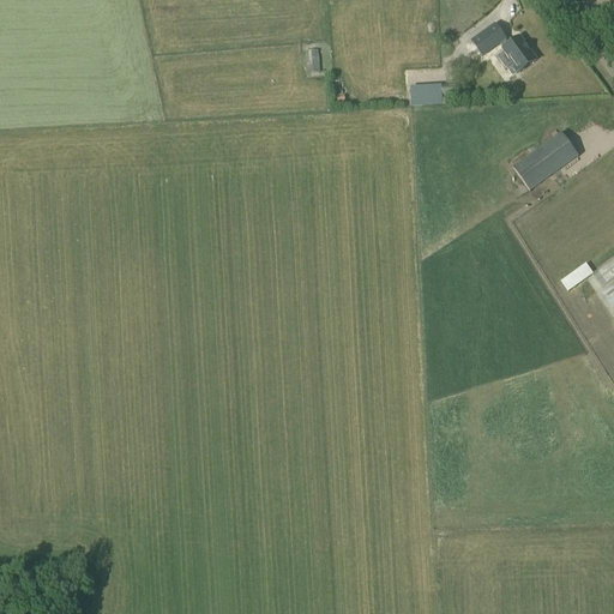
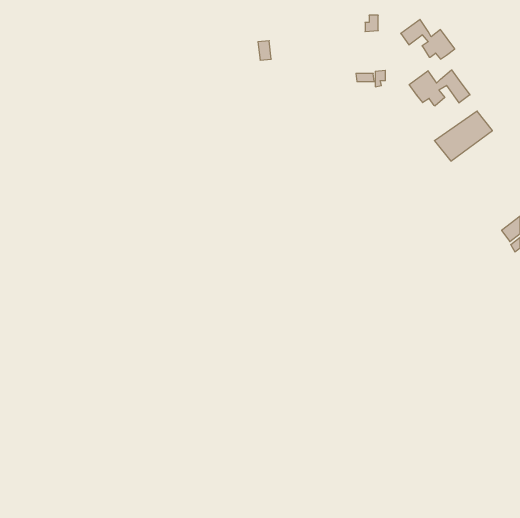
building: none -> [409,70,470,106]

